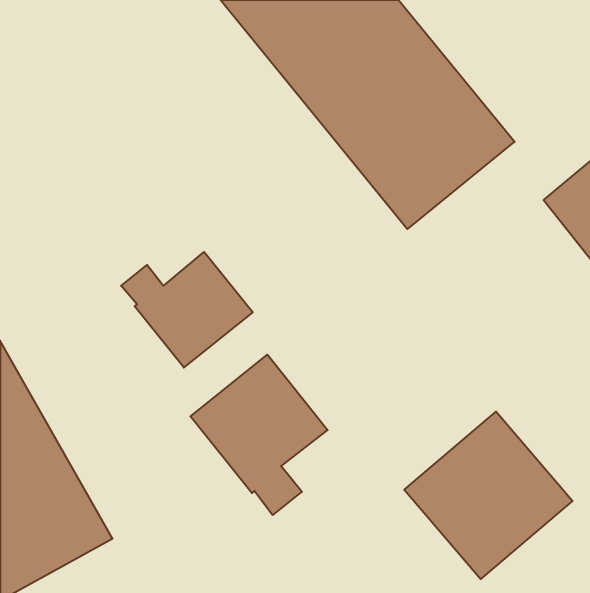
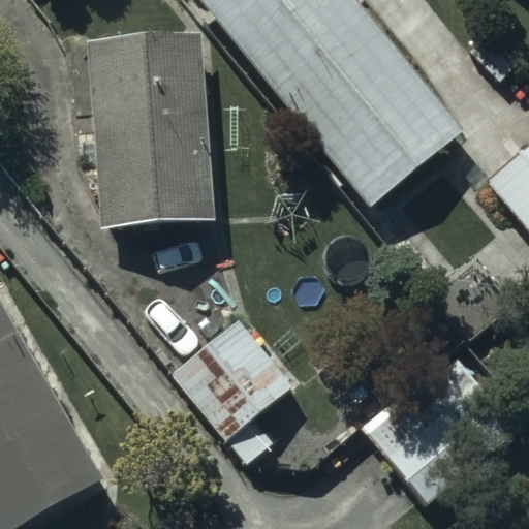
building: none -> [84,26,213,223]
building: [121,252,253,368] -> none

